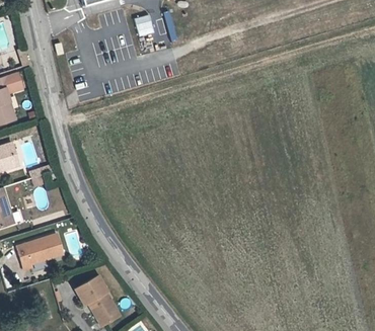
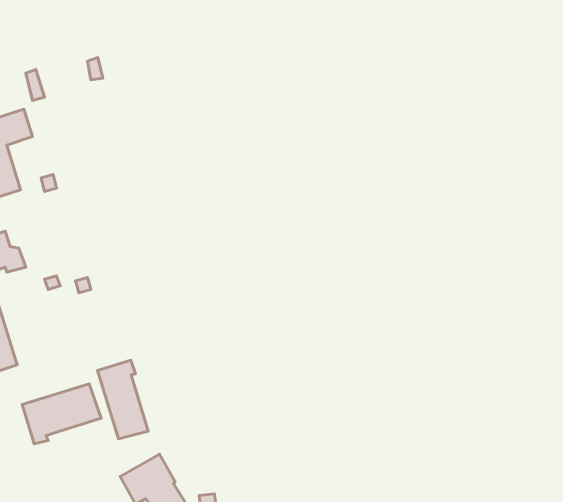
building: none -> [97,360,148,439]

